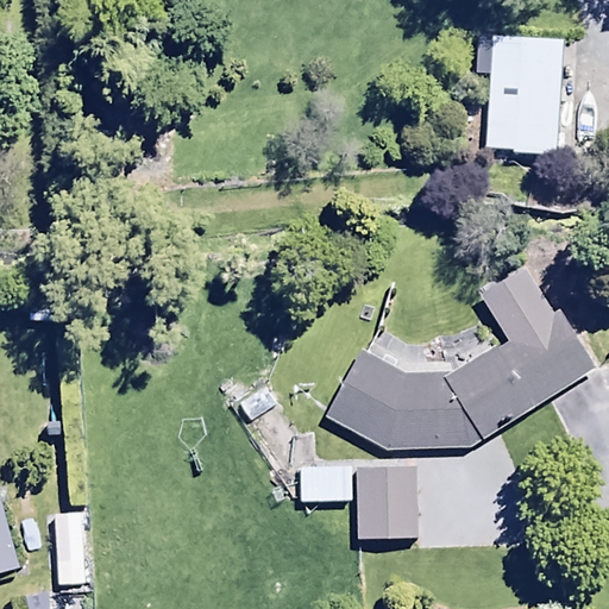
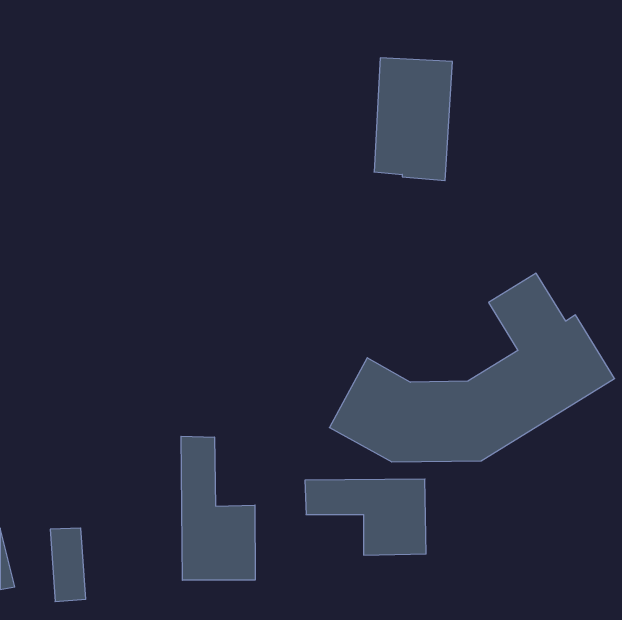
building: [486,36,563,155] -> [374,58,452,181]
building: none -> [181,436,255,580]

